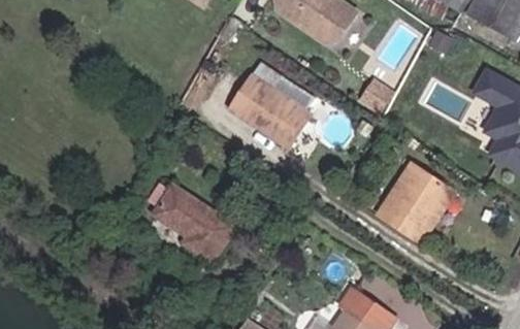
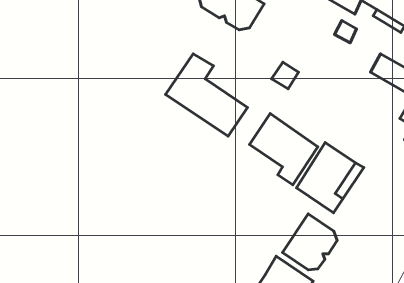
building: none -> [250,114,318,185]
building: [153,183,233,259] -> none
building: none -> [283,214,337,270]

